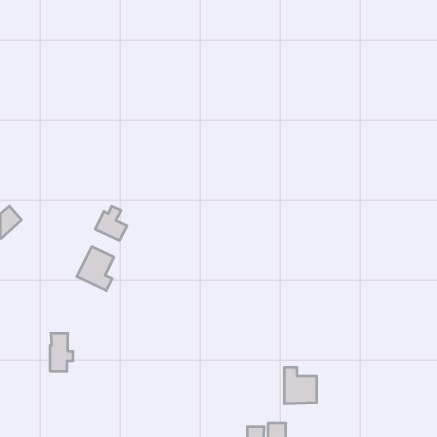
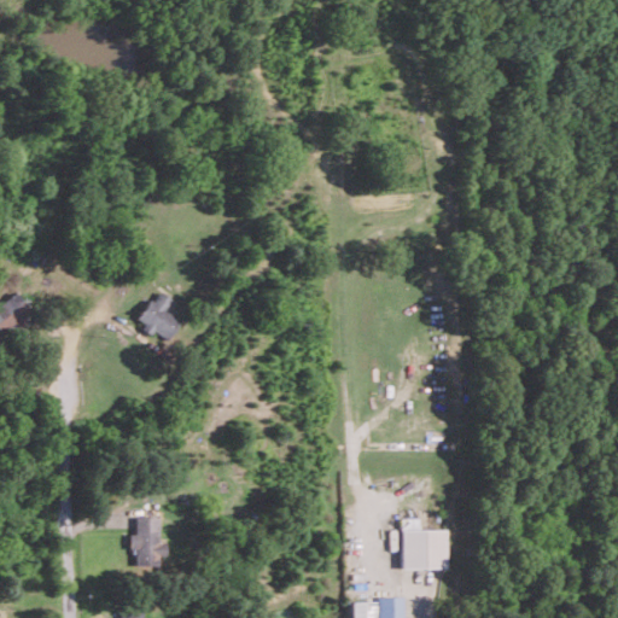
building: [77,247,114,291] -> none
building: [50,333,73,371] -> [134,518,167,571]

